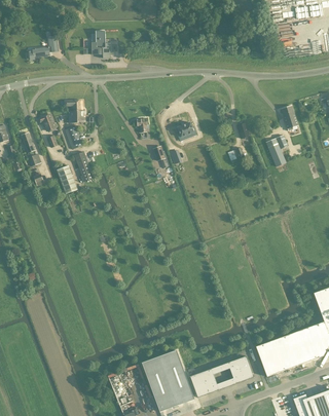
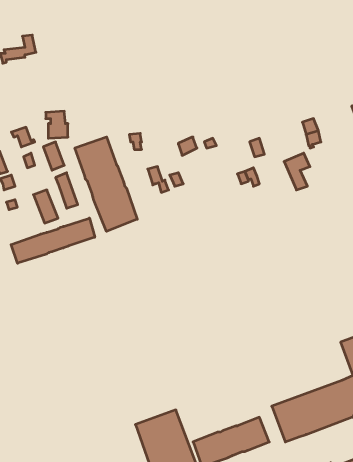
building: [90,33,110,58] -> none
building: none -> [75,137,137,231]
building: none -> [11,218,95,263]

